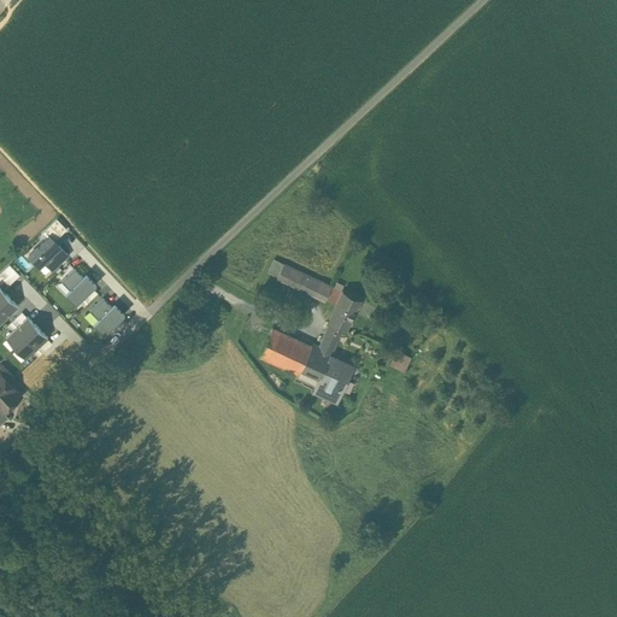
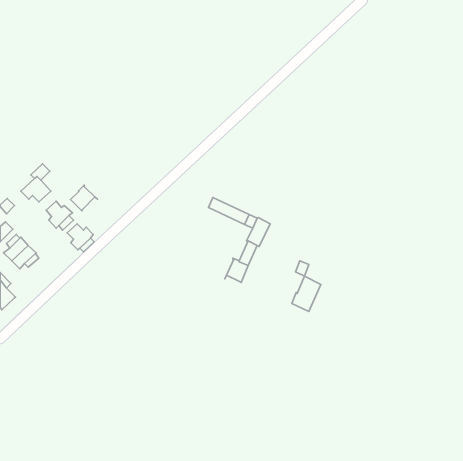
building: none -> [70,185,97,211]
building: [259,329,311,374] -> none
building: [313,355,352,402] -> [292,276,321,312]

